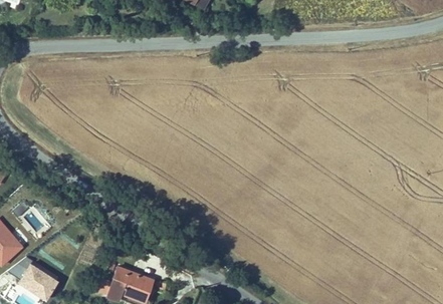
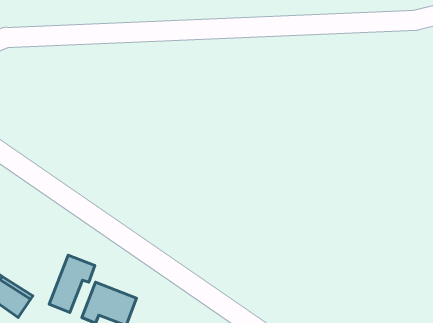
building: none -> [49,255,95,313]

